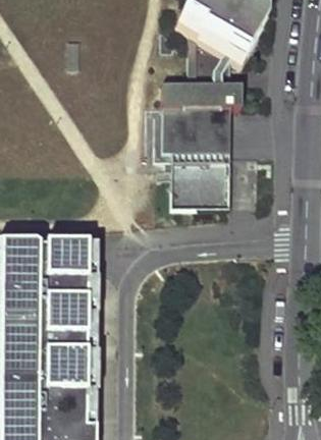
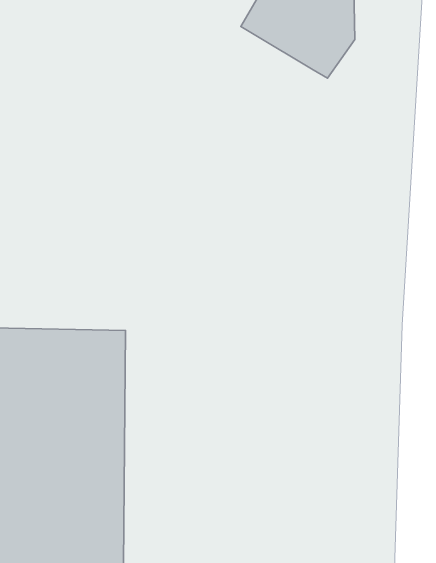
building: [159,32,238,205] -> none

